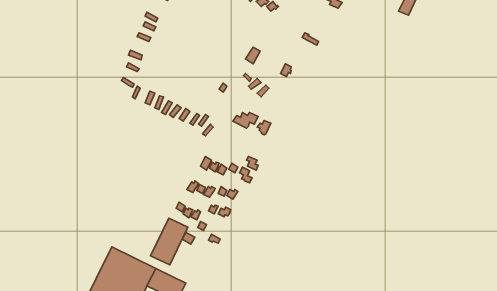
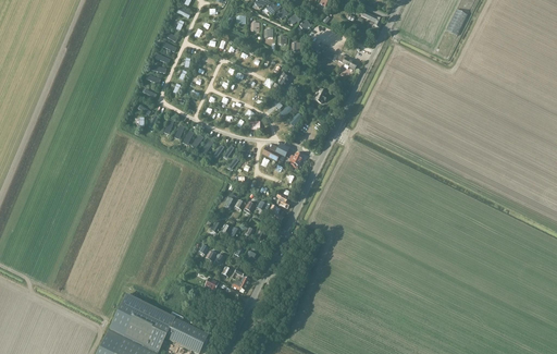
building: [150,218,188,265] -> none

